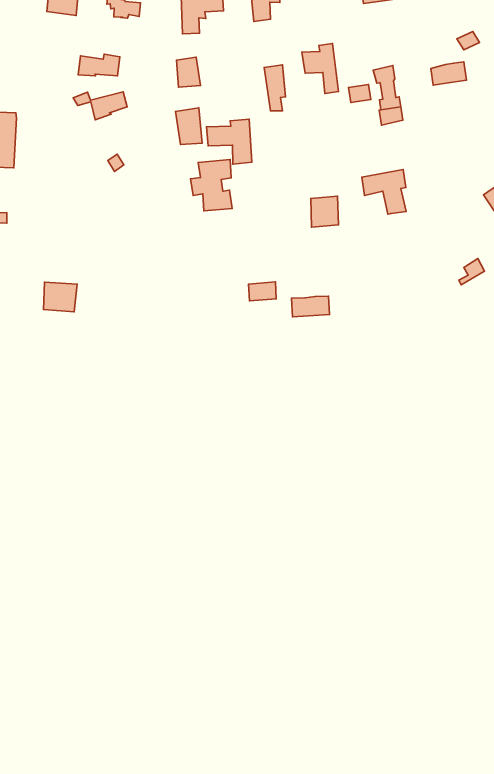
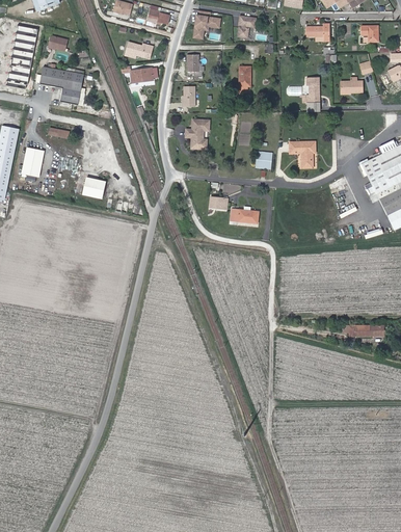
building: [302,44,338,94] -> none
building: [206,119,252,164] -> none

